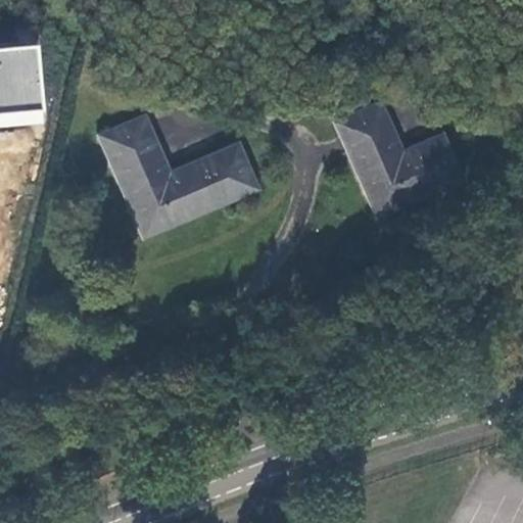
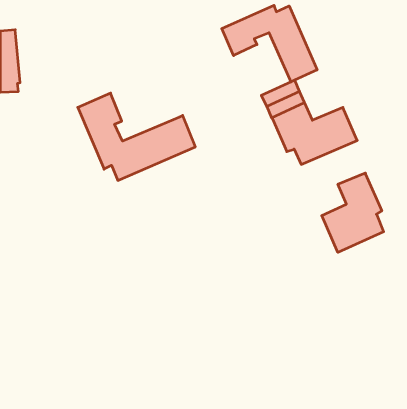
building: none -> [222,5,317,82]
building: none -> [322,173,384,252]

